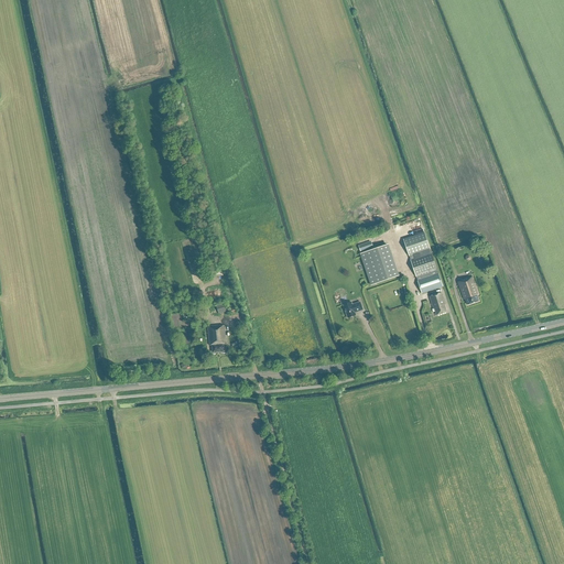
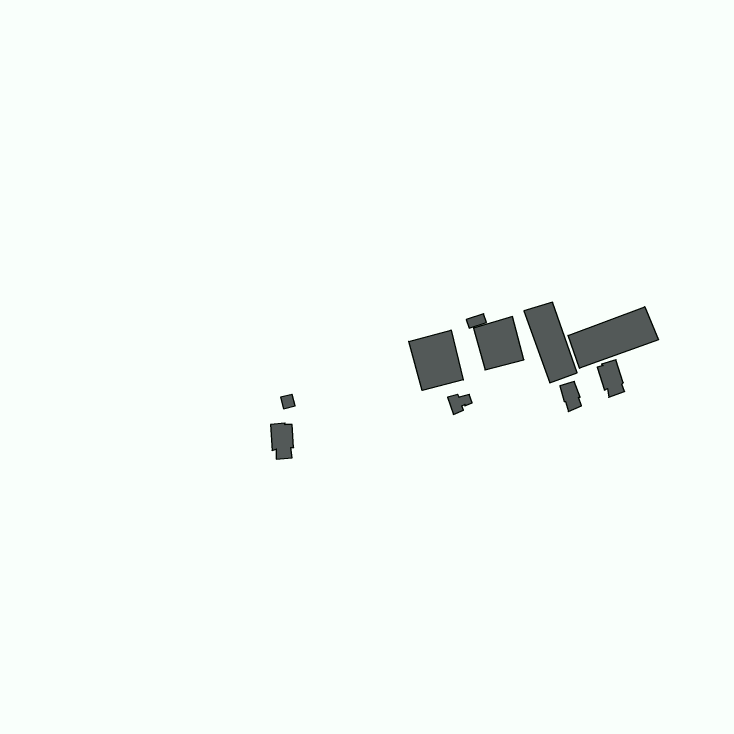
building: none -> [568,307,659,368]
building: none -> [409,330,463,390]

